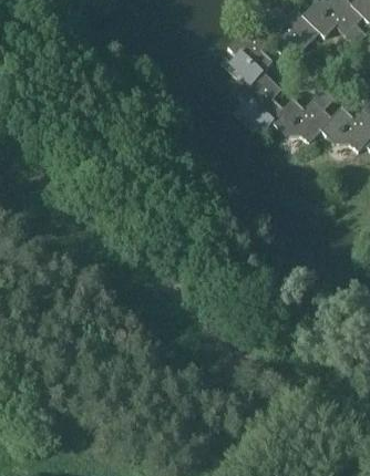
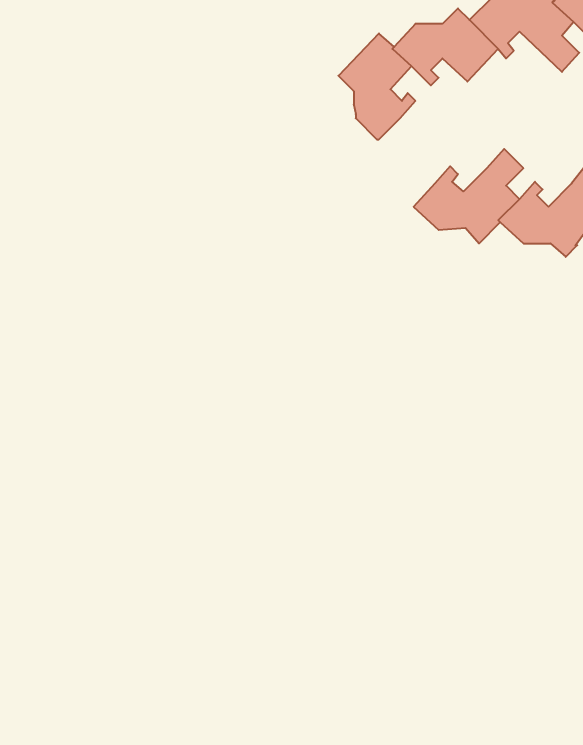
building: [238,70,282,131] -> none

